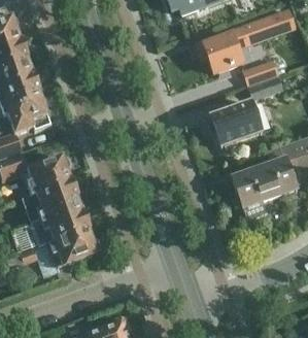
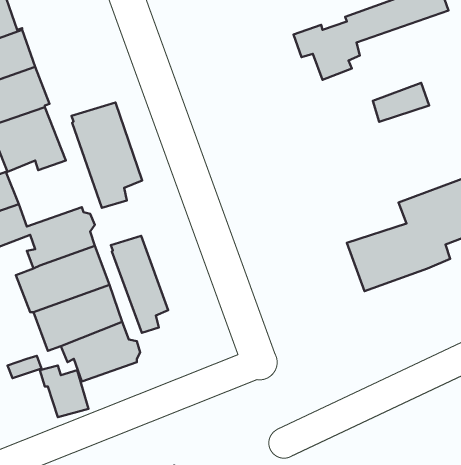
building: [242,58,279,86] -> none
building: none -> [72,103,142,208]
building: [211,102,263,146] -> none
building: none -> [111,236,168,333]

